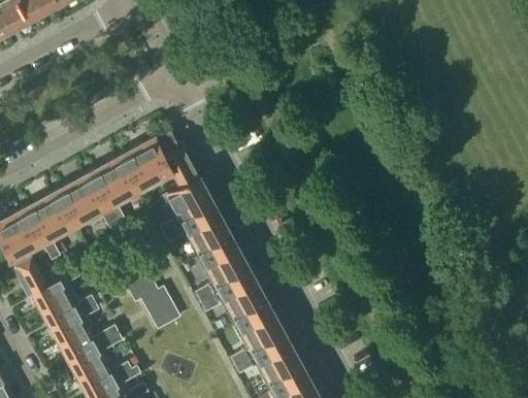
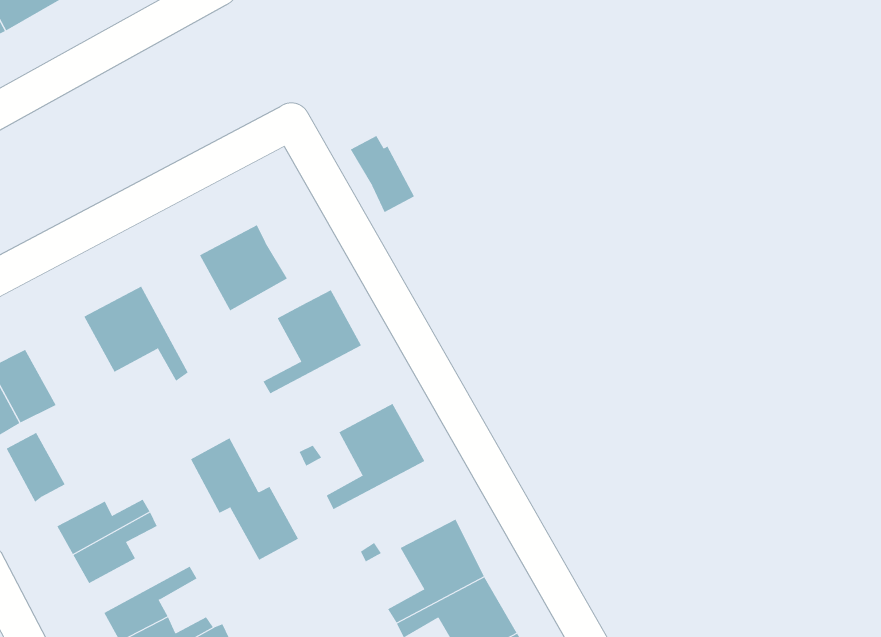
building: [161,140,198,185] -> [350,135,415,213]
building: [90,156,140,223] -> none
building: [24,191,74,259] -> none
building: [163,207,233,257] -> none
building: [33,269,81,310] -> none
building: [199,273,269,323] -> none
building: [60,326,118,360] -> none

